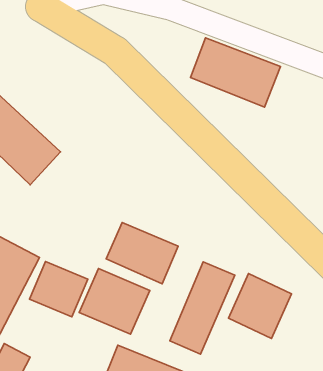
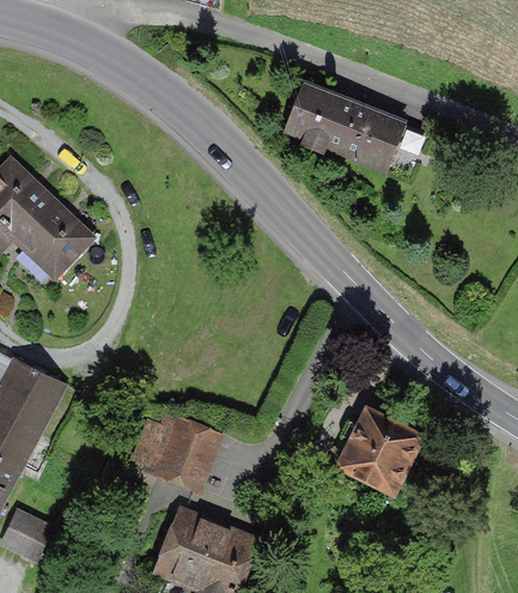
building: [106,222,178,284] -> none
building: [29,262,88,317] -> none
building: [170,262,235,354] -> none

